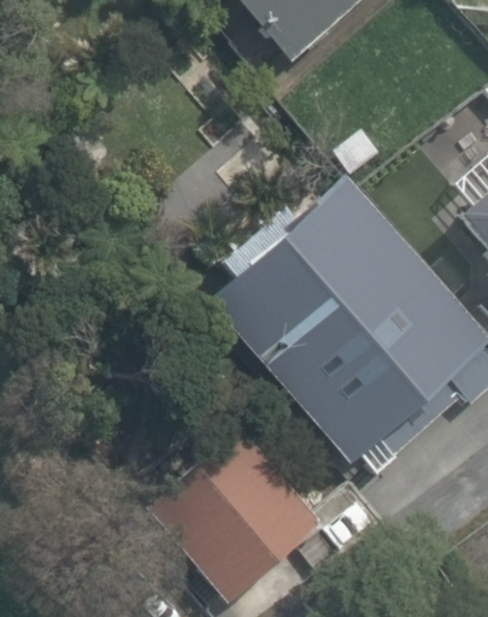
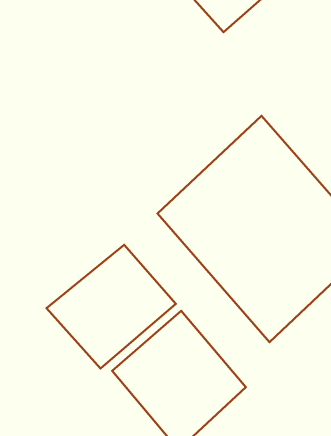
building: none -> [47,245,176,369]

